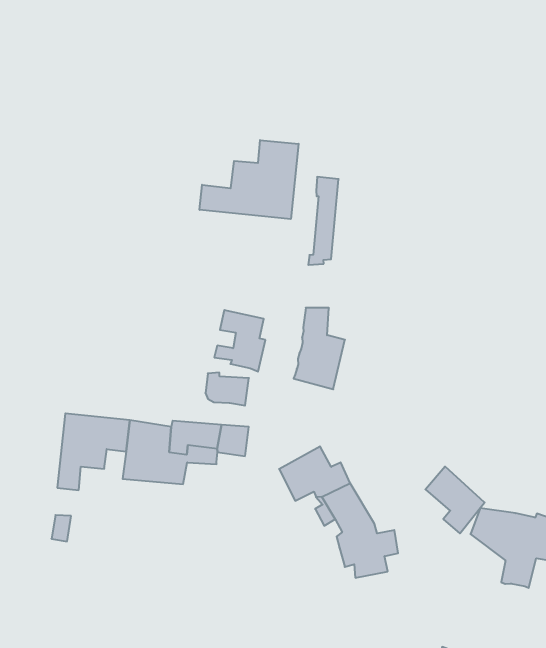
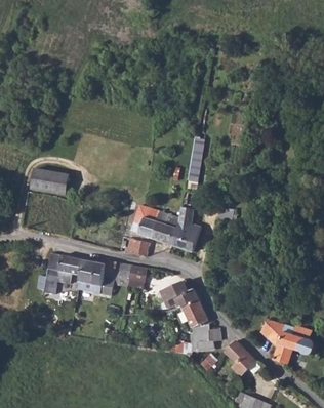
building: [200,140,299,219] -> none
building: none -> [31,168,69,194]
building: none -> [154,211,179,244]
building: [425,467,485,533] -> [225,340,255,376]

